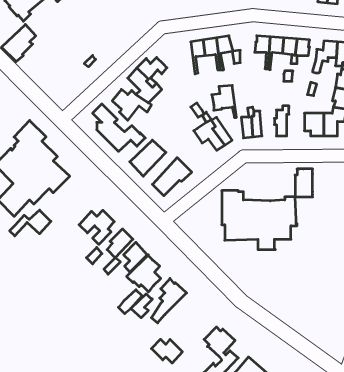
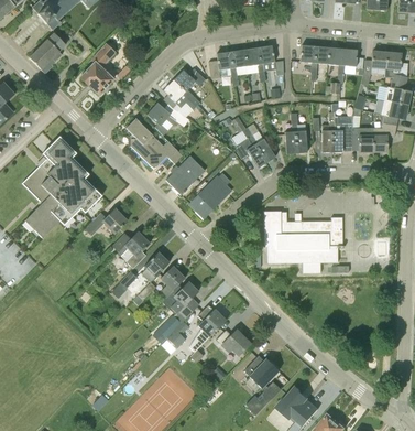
building: none -> [80,43,116,95]
building: [212,85,236,117] -> [208,52,234,86]
building: [295,169,313,197] -> [332,122,351,152]
building: [10,210,51,236] -> [83,208,127,236]
building: [151,339,182,363] -> [216,330,249,355]

